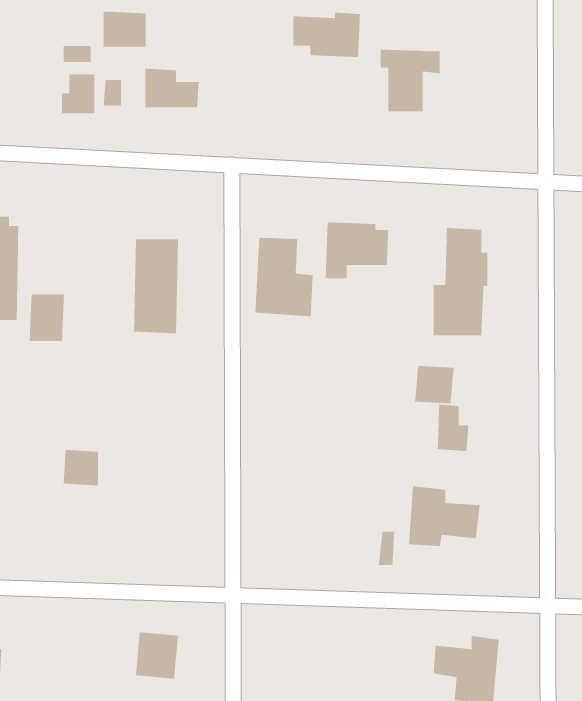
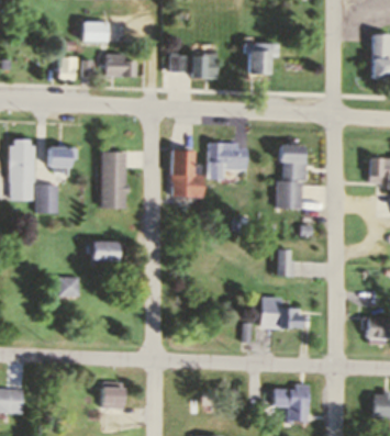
building: [292,12,361,58] -> [178,54,218,80]
building: none -> [45,147,77,166]
building: [414,365,454,404] -> none
building: none -> [90,243,120,260]

